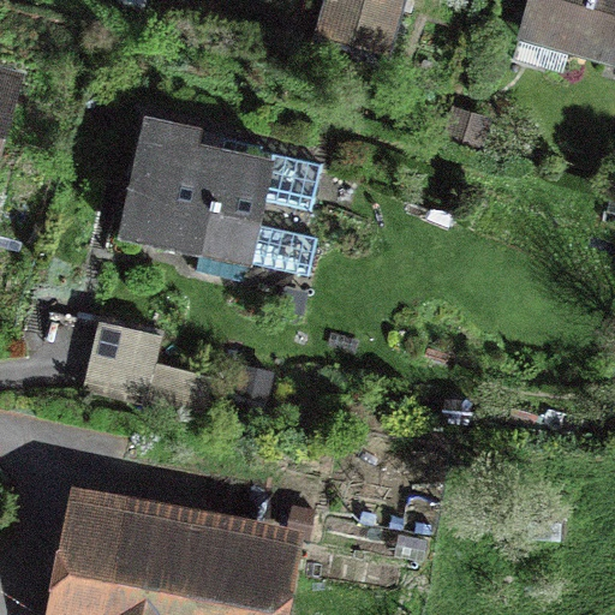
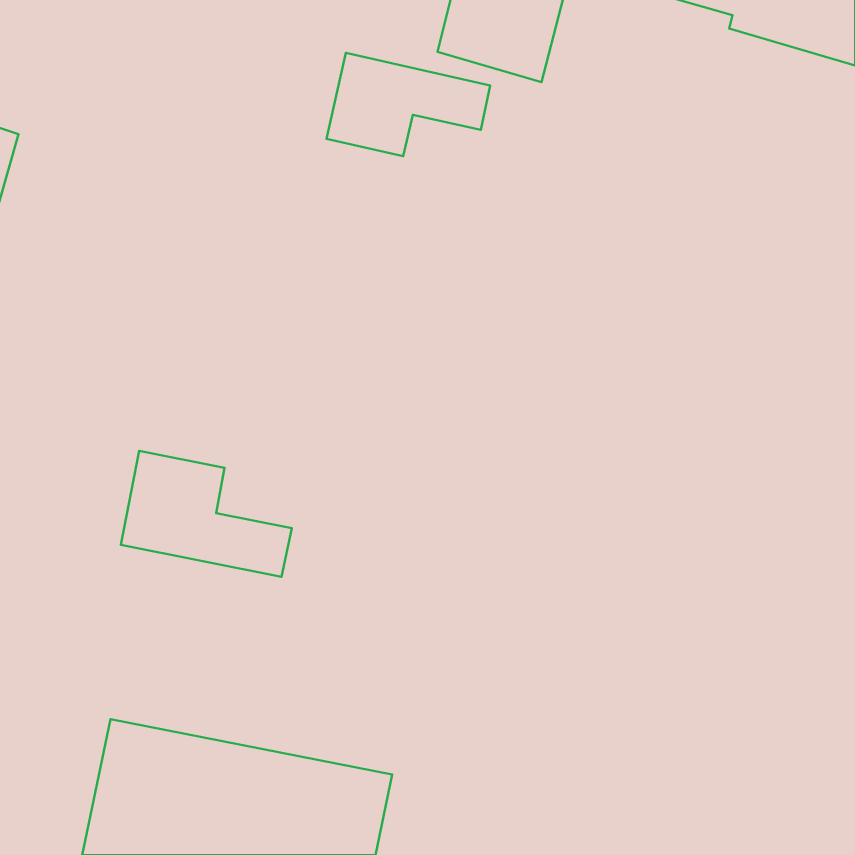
building: none -> [326,53,490,156]
building: [119,117,270,262] -> none

